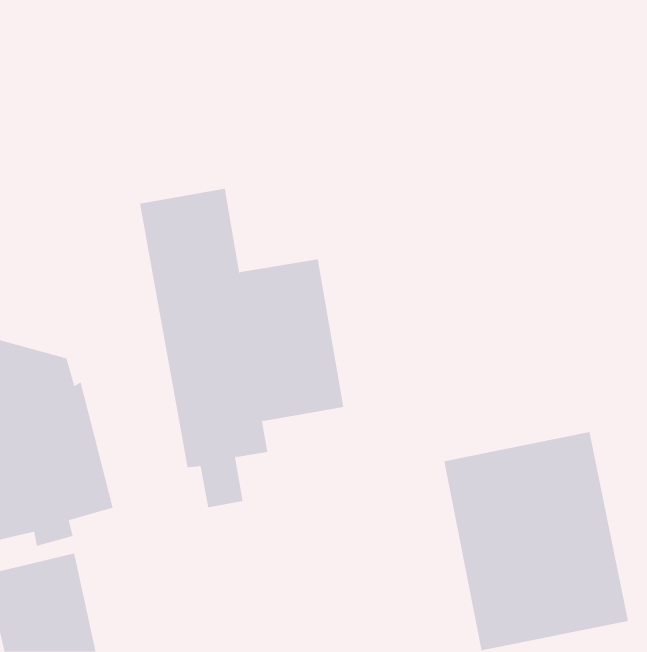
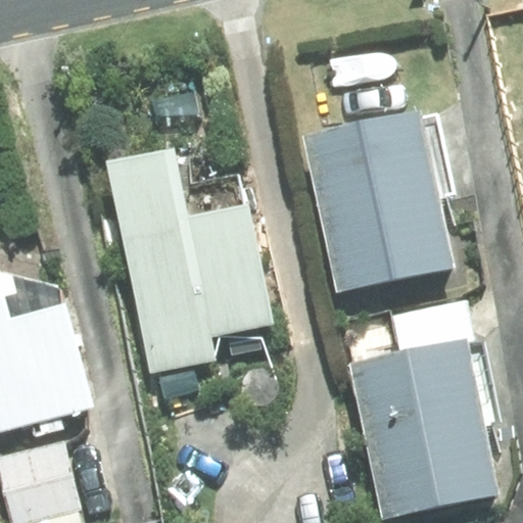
building: none -> [305,112,454,291]

